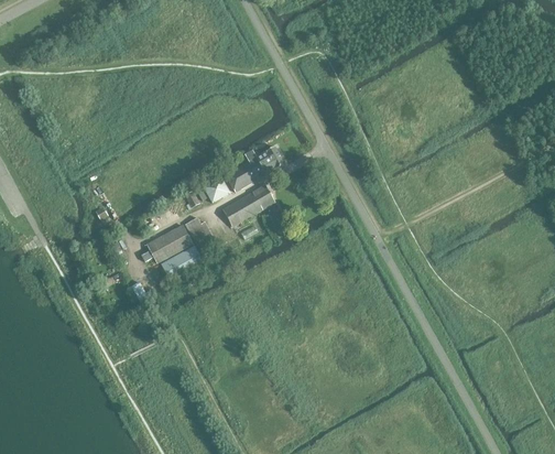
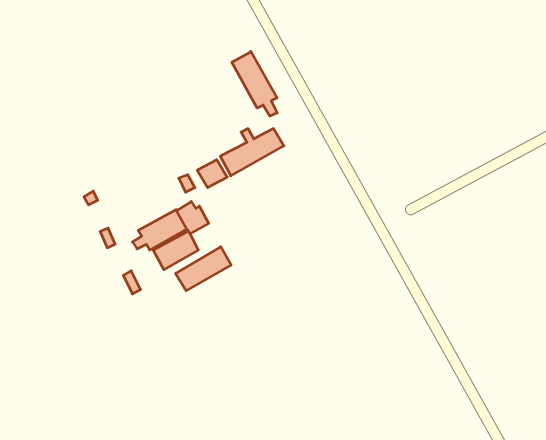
building: none -> [232,51,277,116]
building: [221,184,274,226] -> [176,247,231,291]

